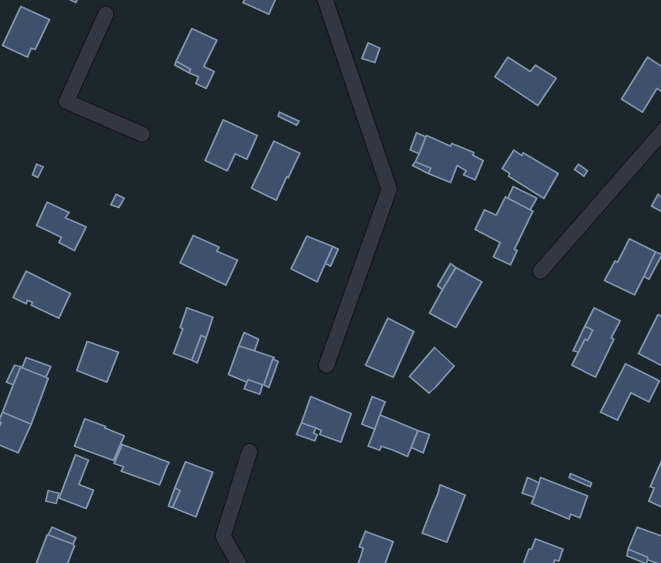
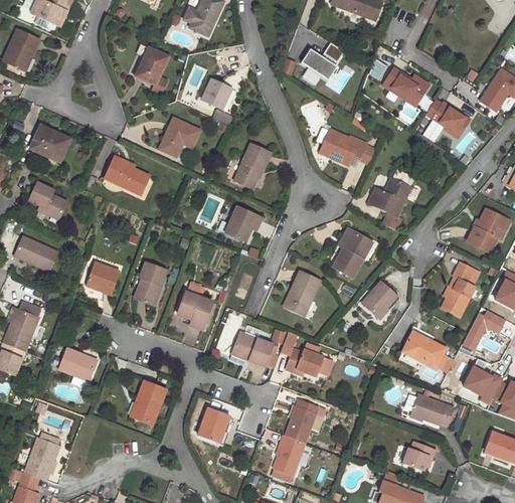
building: none -> [300,42,341,79]
building: none -> [201,79,231,110]
building: none -> [30,129,69,162]
building: [251,141,300,200] -> [233,144,271,189]
building: [502,150,558,198] -> [426,101,470,138]
building: [180,236,238,285] -> [105,157,149,195]
building: [77,342,119,382] -> [87,263,119,294]
building: [410,348,454,393] -> [362,282,396,317]
building: none -> [402,334,447,369]
building: none -> [464,363,505,404]
building: [114,444,169,485] -> none
building: [59,455,93,509] -> none
building: [422,485,465,542] -> [285,398,318,443]
building: none -> [197,407,229,443]

